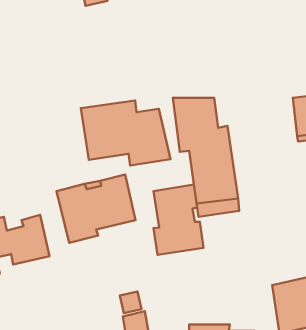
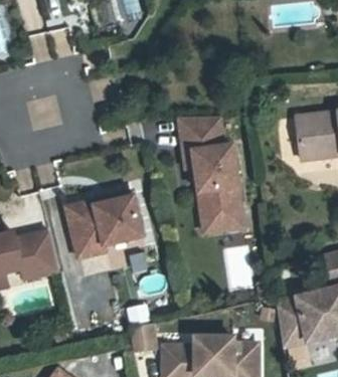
building: [81,100,171,165] -> none
building: [153,184,203,255] -> none

